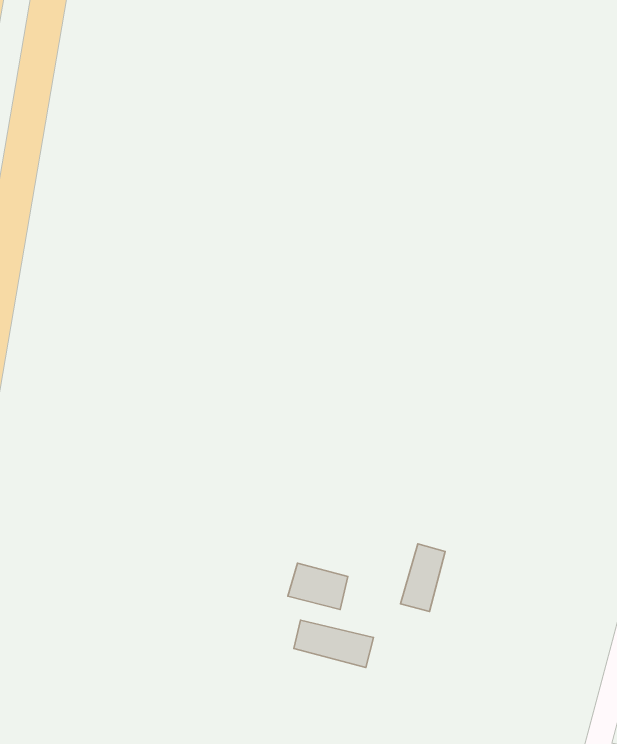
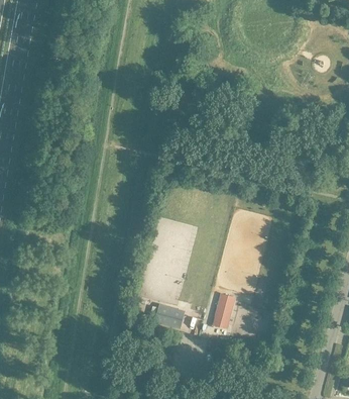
building: [294,620,374,668] -> none

